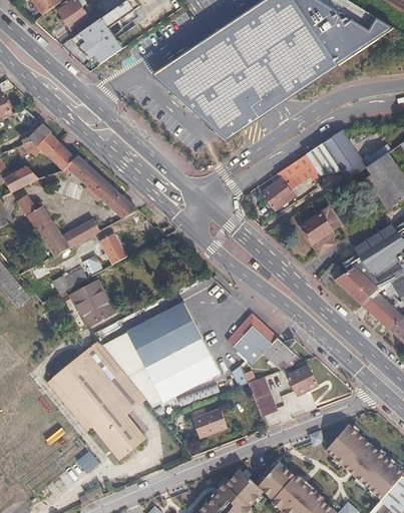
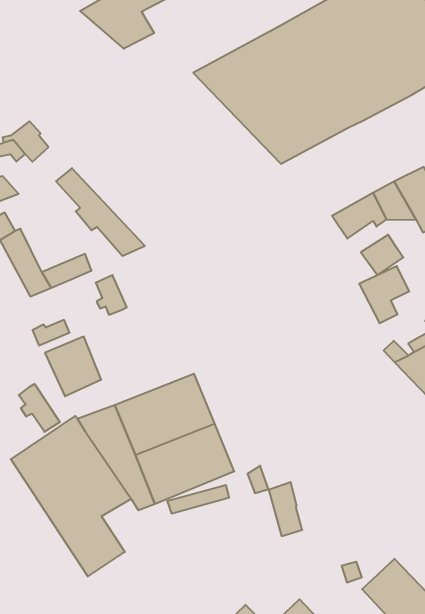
building: [47,142,74,170] -> none
building: [261,178,293,209] -> [361,235,403,275]
building: [226,314,301,367] -> none
building: none -> [19,384,60,432]
building: [286,365,317,394] -> none
building: [192,411,228,440] -> none

